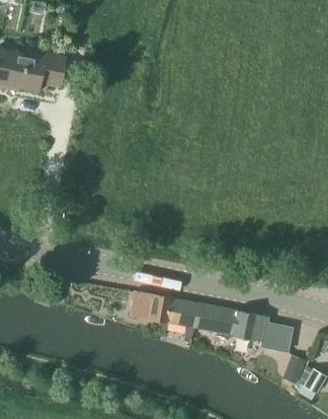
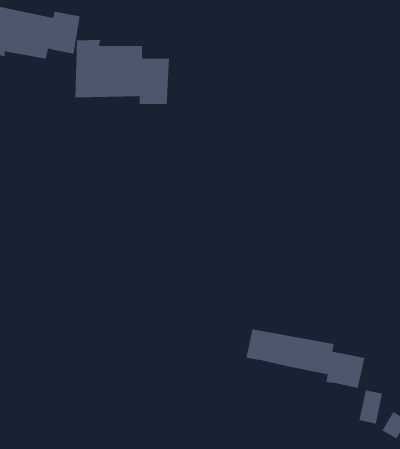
building: none -> [75,39,169,105]
building: [131,293,202,329] -> none

